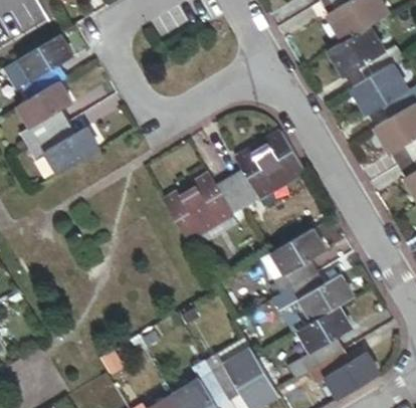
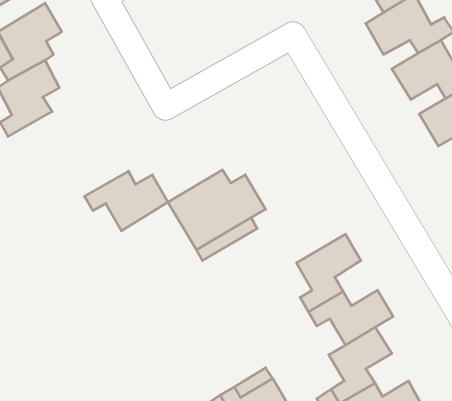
building: [27,125,97,175] -> [84,171,168,231]
building: [227,132,304,207] -> none

